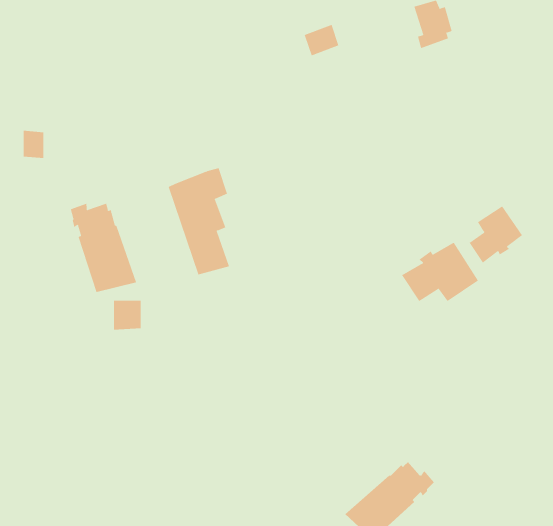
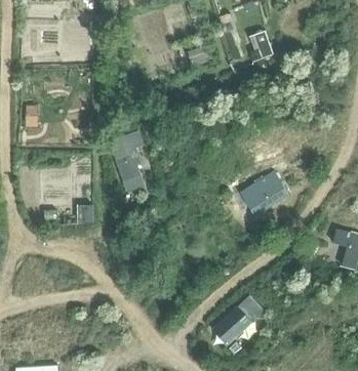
building: [70,203,137,293] -> none
building: [469,205,523,263] -> none

